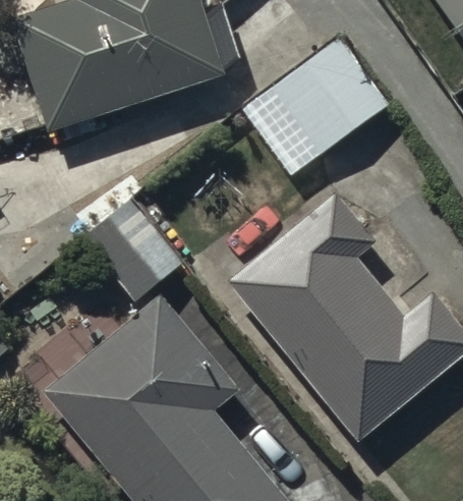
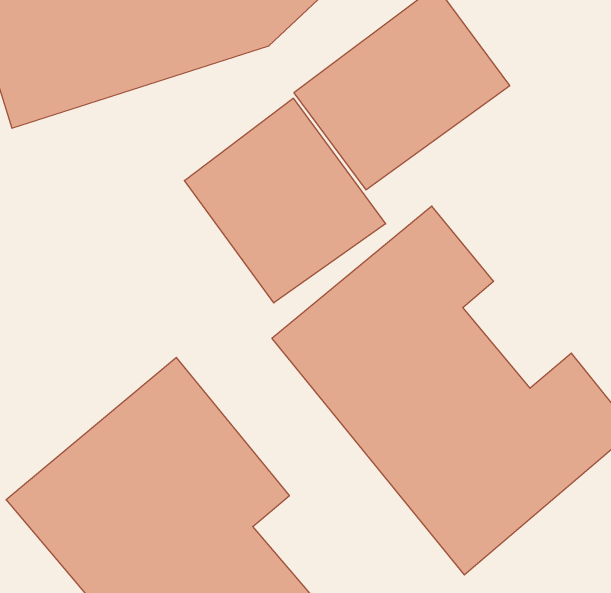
building: none -> [184,98,386,303]
building: [68,182,182,302] -> none

